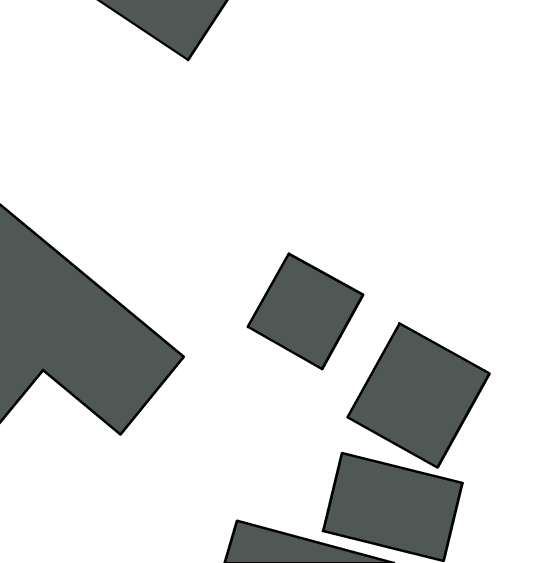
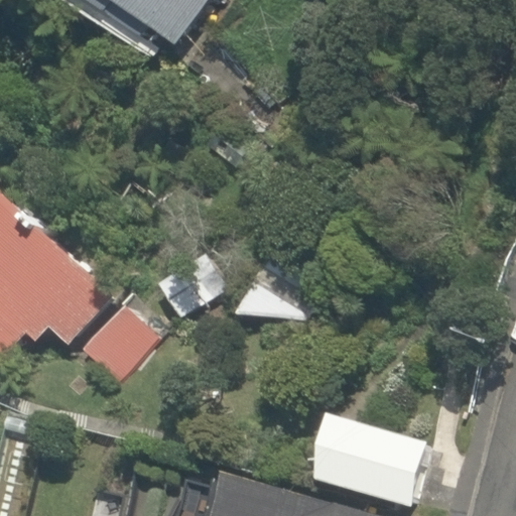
building: [348,323,489,467] -> none

